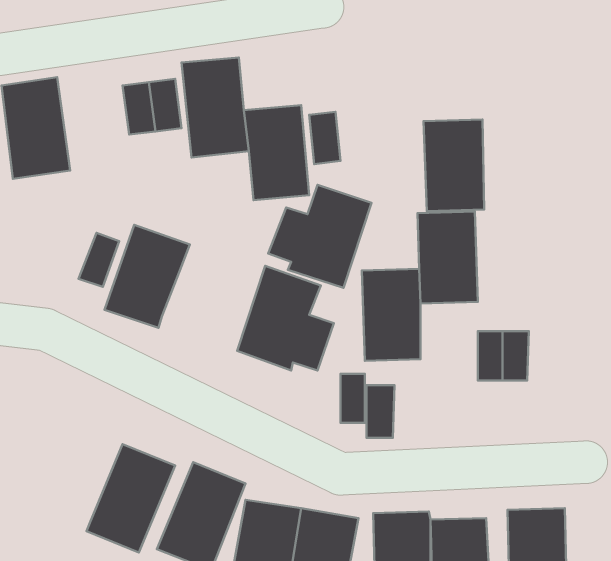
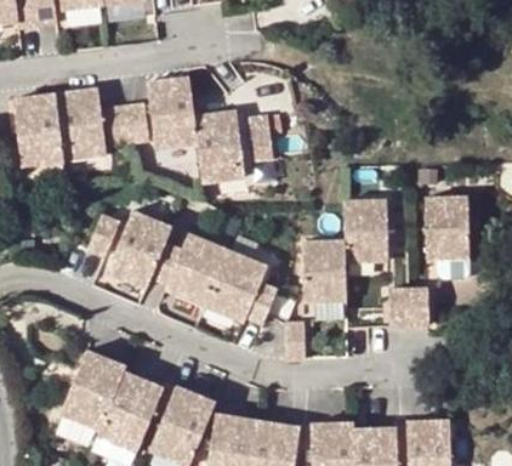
building: none -> [73,96,124,170]
building: [424,119,484,211] -> [422,198,467,266]
building: [268,185,371,288] -> [150,227,227,303]
building: none -> [58,351,124,431]

